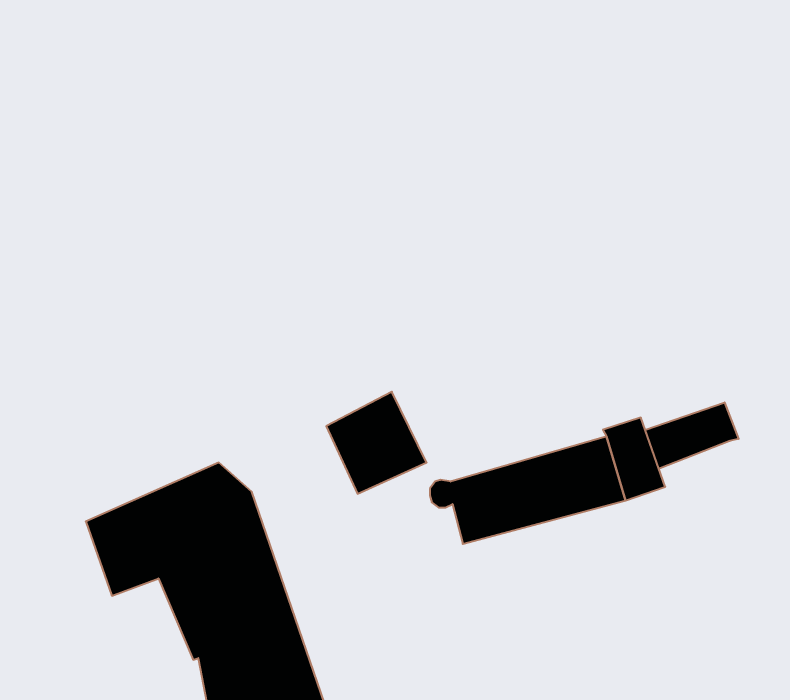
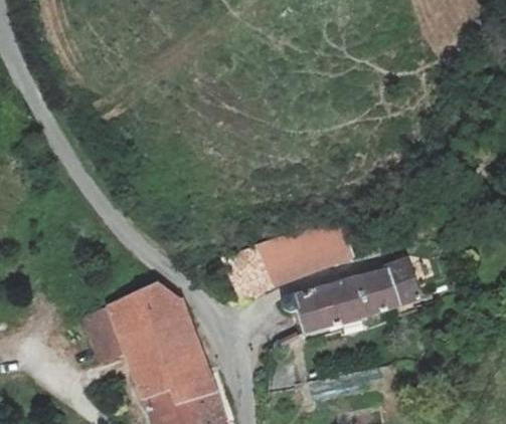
building: none -> [263,208,351,284]
building: [645,402,739,469] -> none

